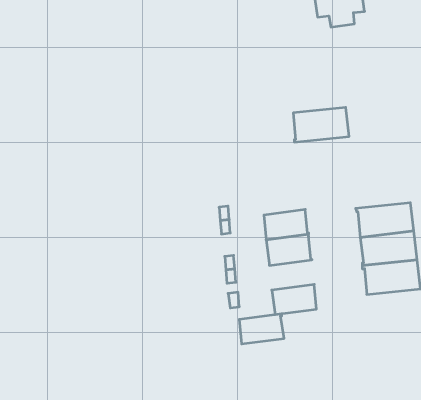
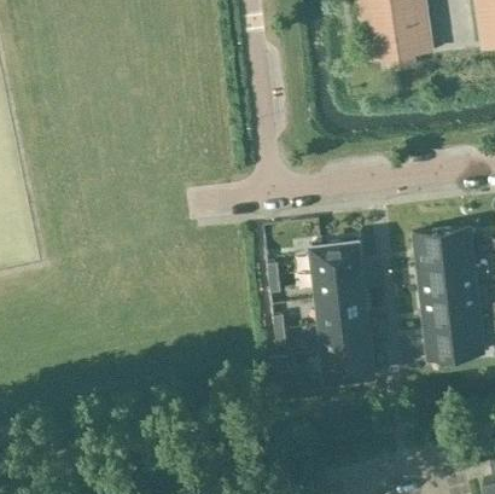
building: [293,107,349,142] -> [413,227,473,265]
building: none -> [311,240,360,272]
building: [239,314,284,344] -> [321,320,369,353]

